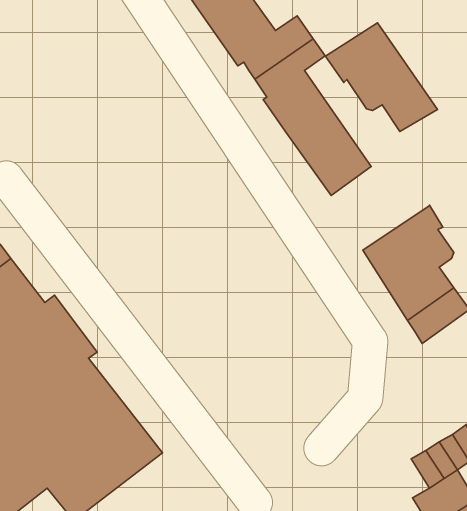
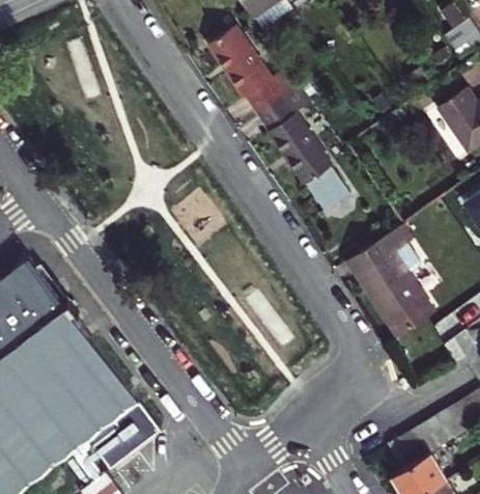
building: [325,23,437,131] -> none

